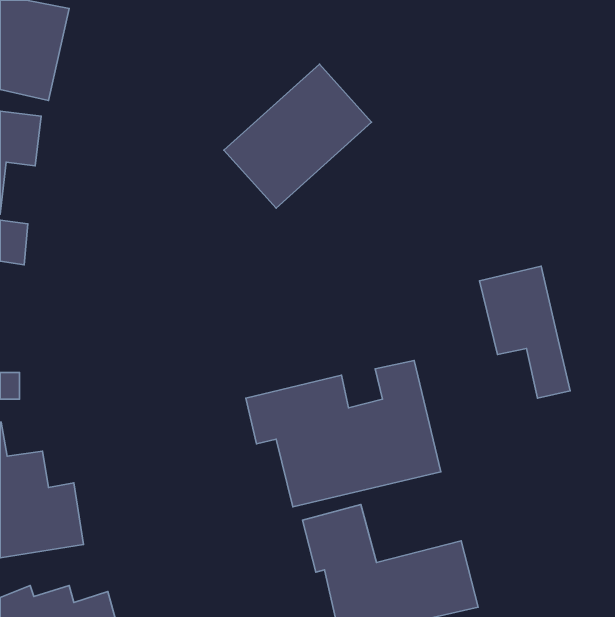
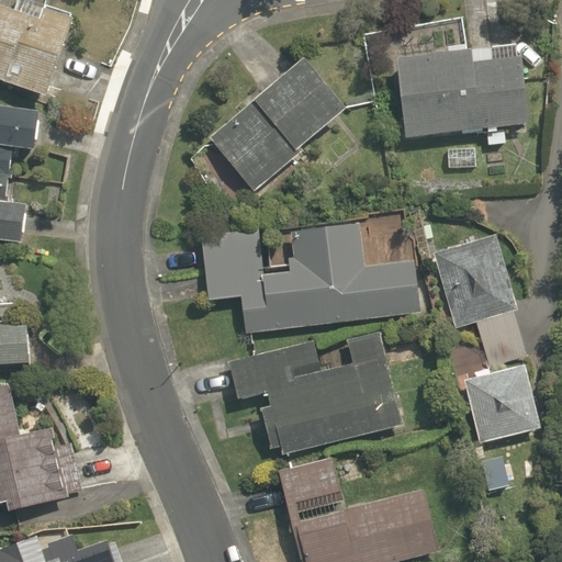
building: none -> [390,42,521,137]
building: none -> [196,216,416,334]
building: none -> [464,362,537,441]

